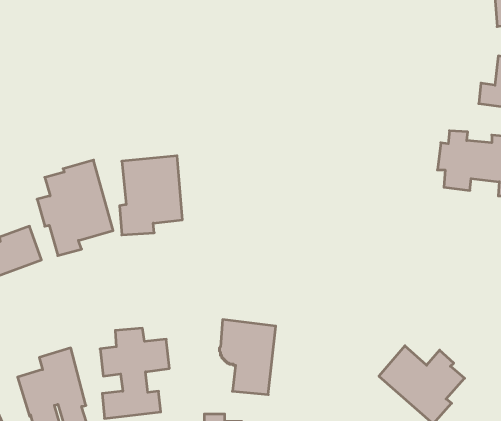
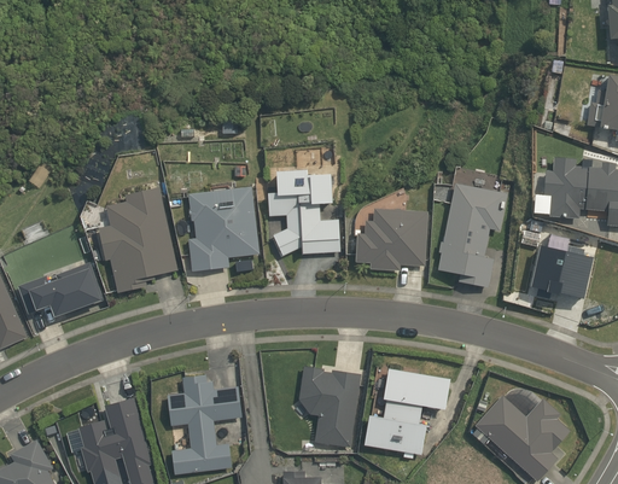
building: none -> [267,170,340,257]
building: none -> [438,181,506,286]
building: none -> [355,208,427,272]
building: none -> [526,245,589,299]
building: none -> [365,371,453,459]

